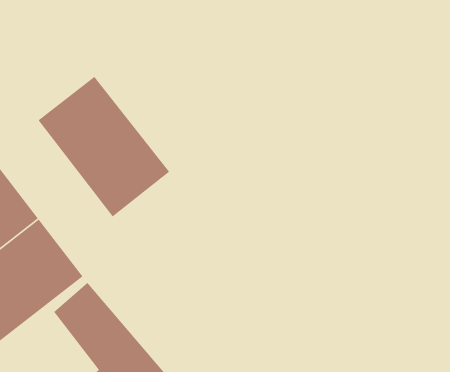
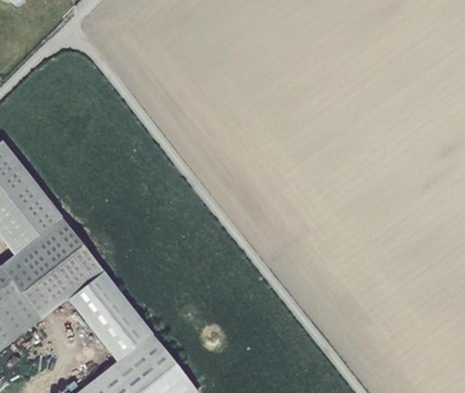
building: [37,76,170,218] -> none

